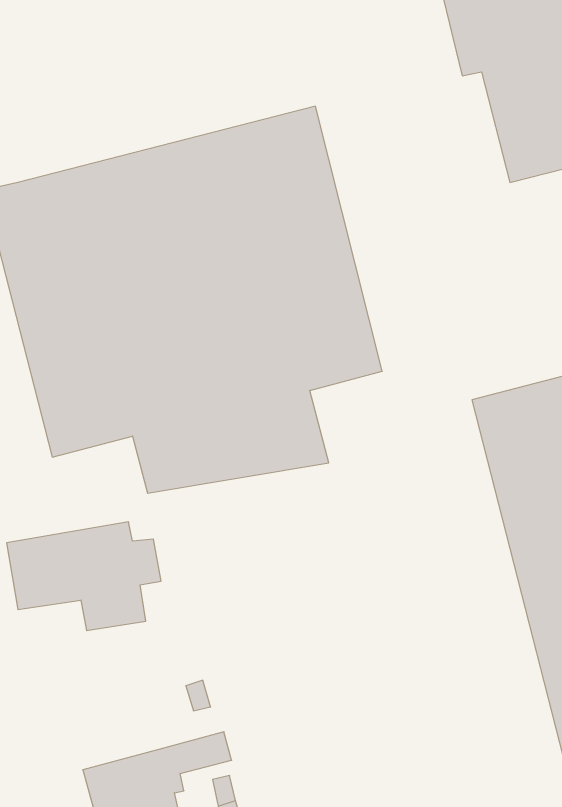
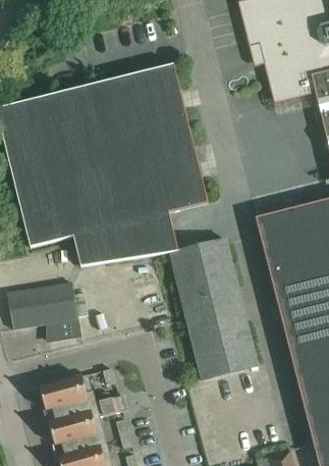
building: none -> [169,239,258,378]
building: none -> [40,373,92,415]

